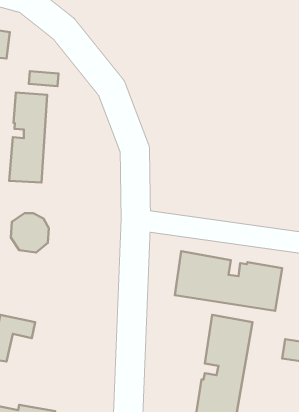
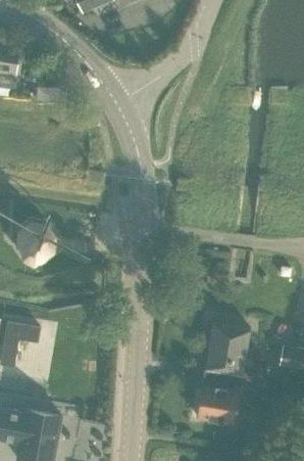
building: [9,92,47,183] -> none
building: [175,251,282,311] -> none

